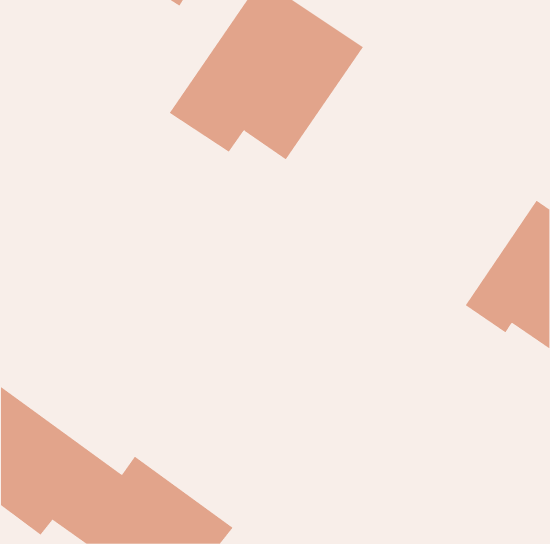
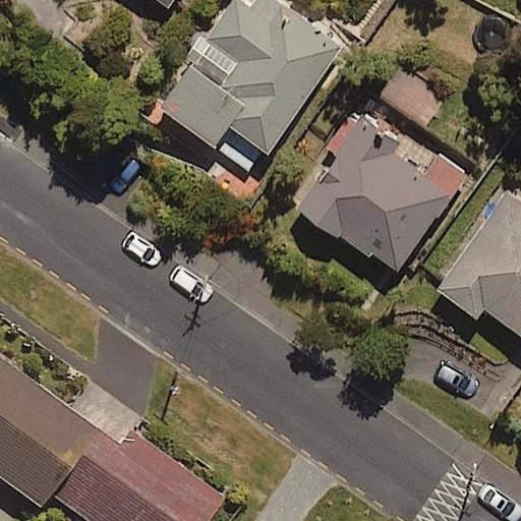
building: none -> [302,127,468,274]

